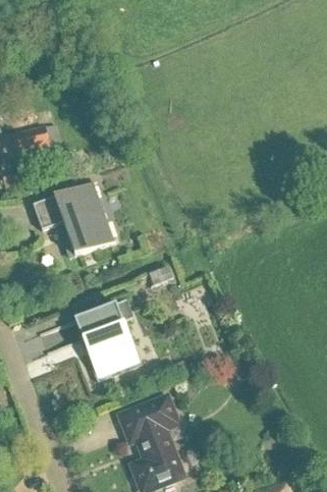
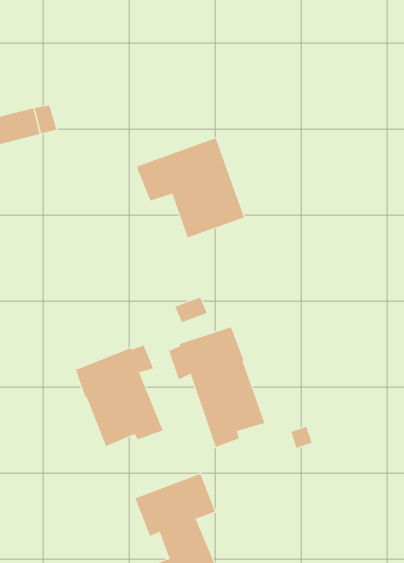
building: [33,182,113,257] -> [136,138,245,238]
building: none -> [168,327,265,448]

